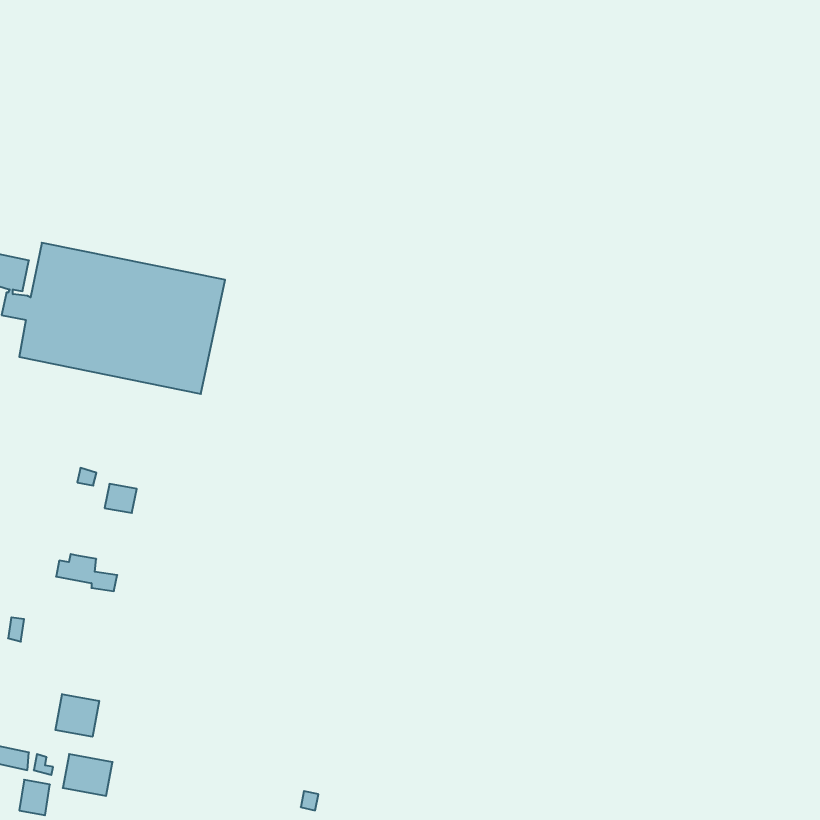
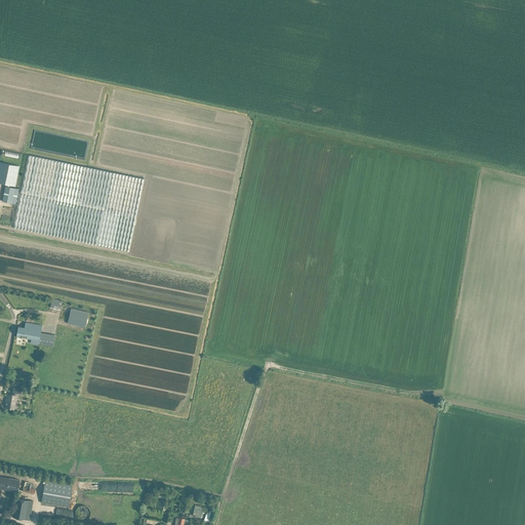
building: [56,554,117,591] -> [15,323,54,347]
building: [55,694,99,737] -> none

